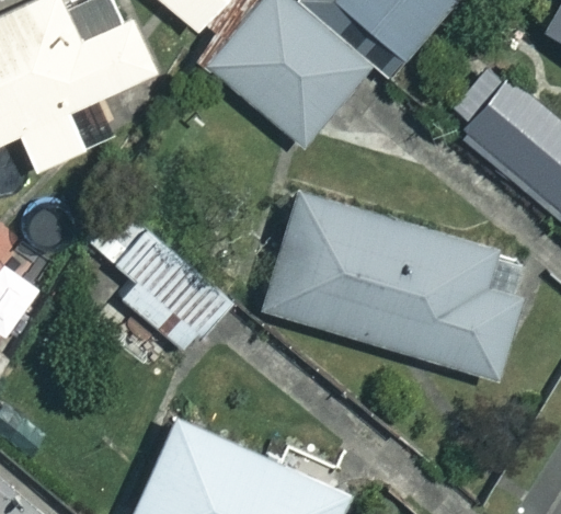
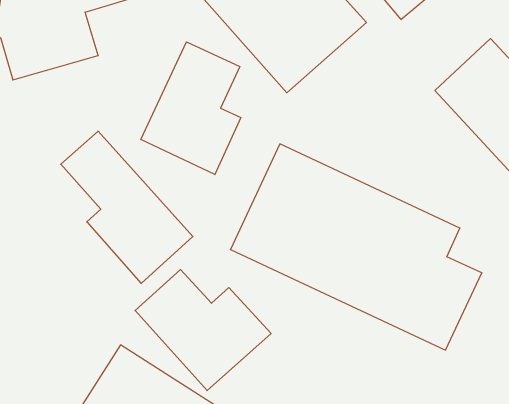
building: none -> [141,42,241,175]
building: none -> [135,270,271,391]

